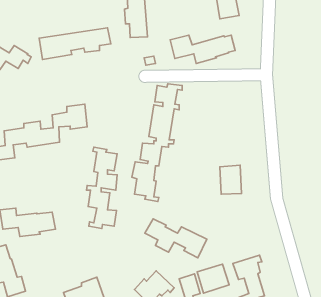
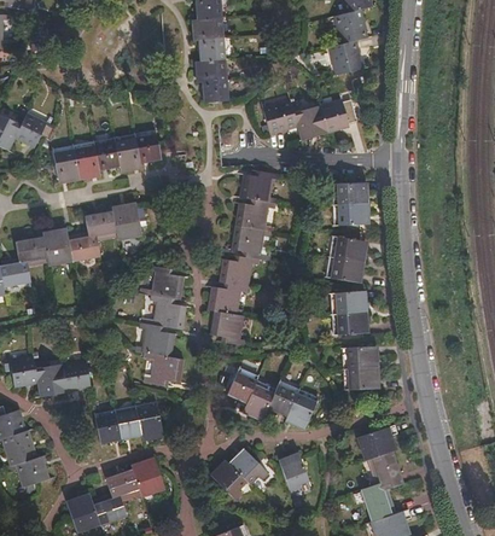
building: [39,28,111,59] -> [54,135,161,182]
building: none -> [337,181,369,222]
building: none -> [331,235,368,282]
building: none -> [346,346,380,389]
building: none -> [94,406,162,442]
building: [197,264,229,293] -> none

